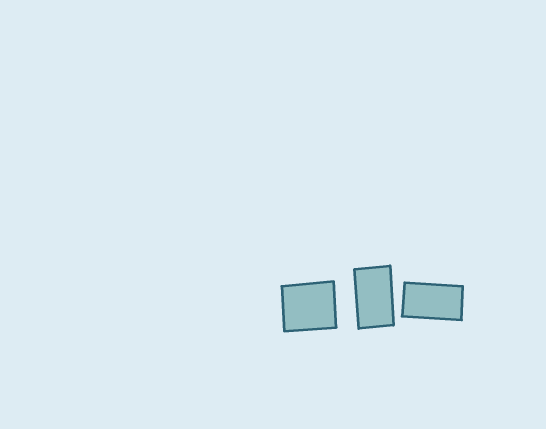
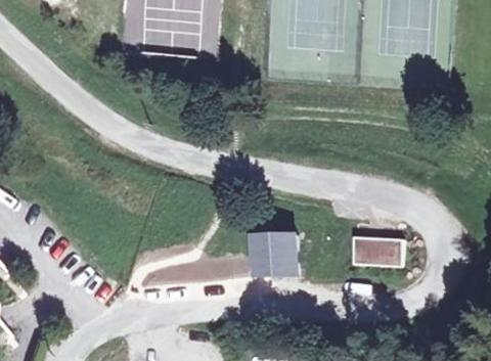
building: [355,266,393,329] -> none

